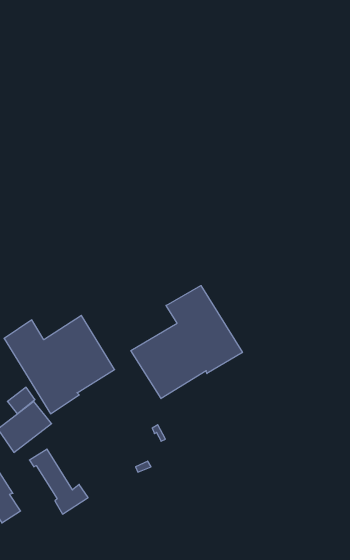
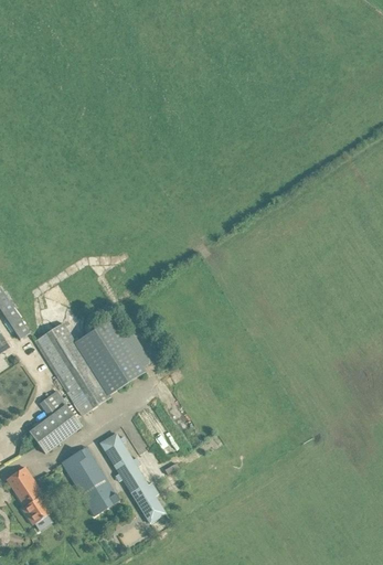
building: [131,286,242,399] -> none
building: none -> [98,434,164,524]

